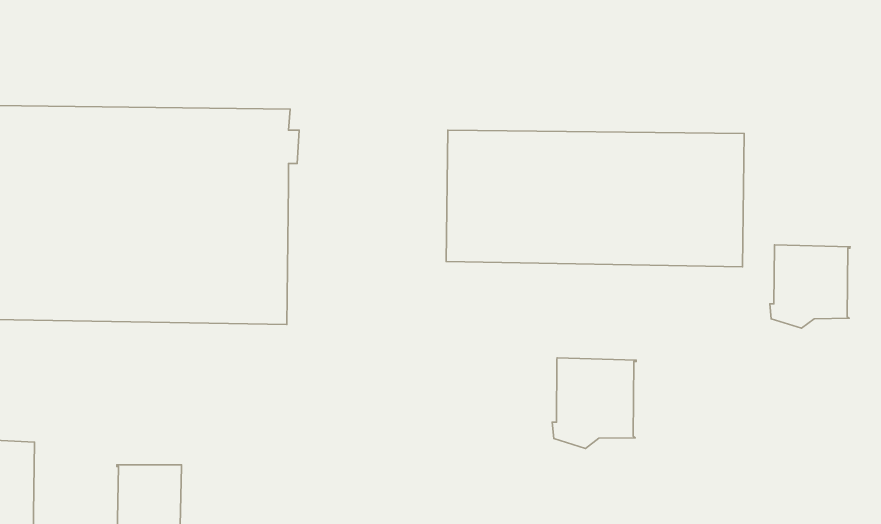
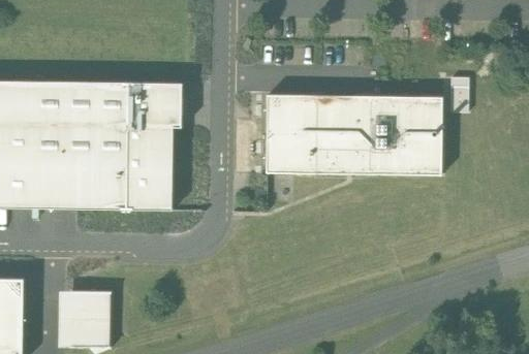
building: [770,245,850,328] -> none
building: [552,358,636,448] -> none

